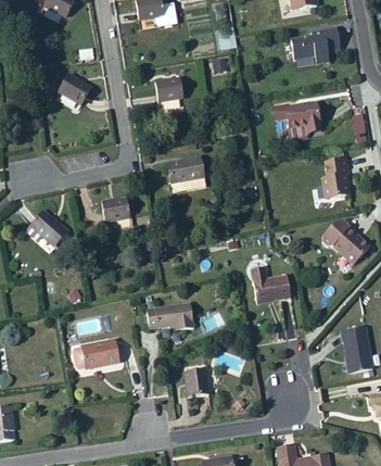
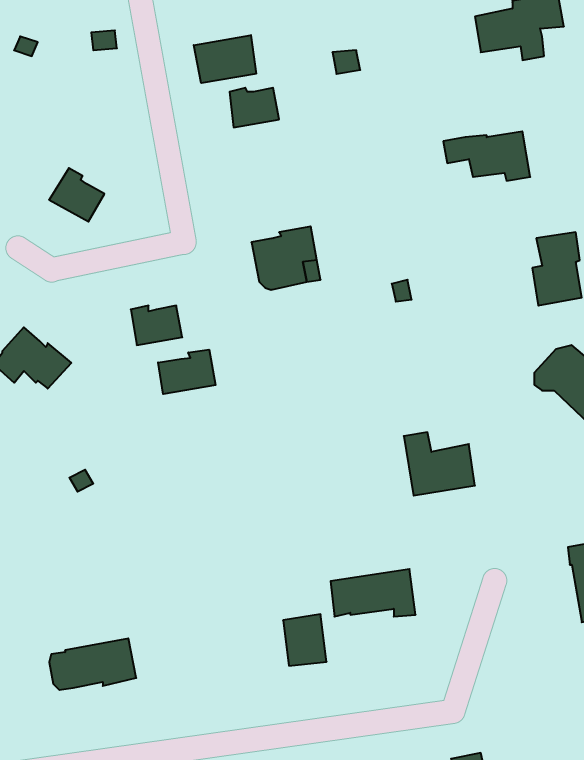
building: none -> [194,35,256,83]
building: [59,74,89,103] -> [49,168,104,222]
building: none -> [158,350,216,394]
building: [147,302,193,328] -> [331,569,416,617]
building: [72,339,119,367] -> [49,638,136,690]

